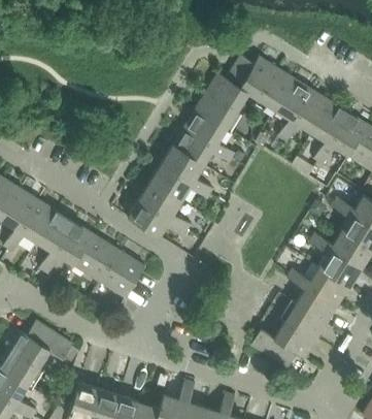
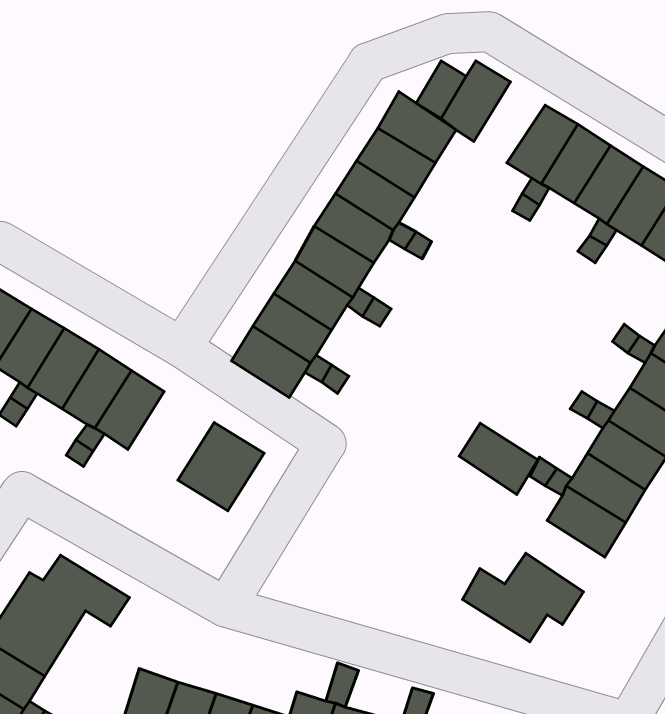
building: [258,67,296,110] -> none
building: [72,233,119,281] -> none
building: [285,302,328,341] -> [459,423,538,494]

